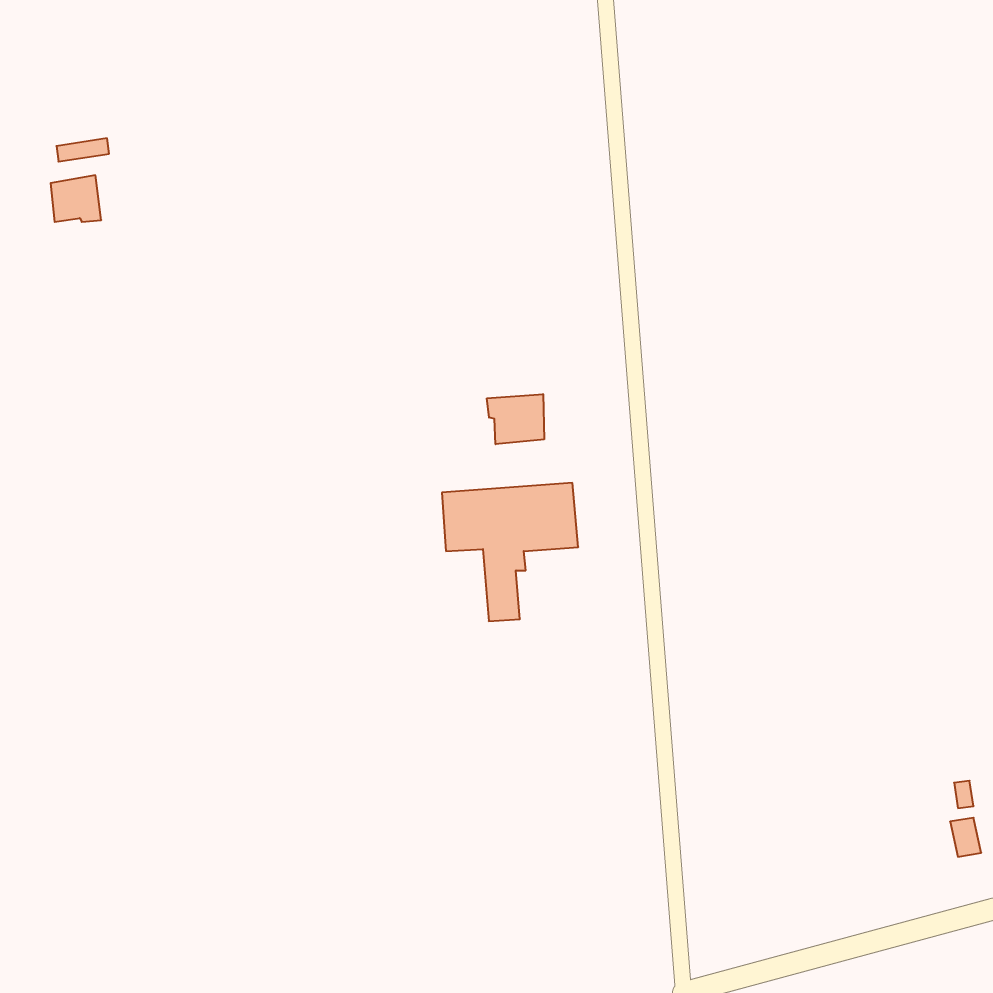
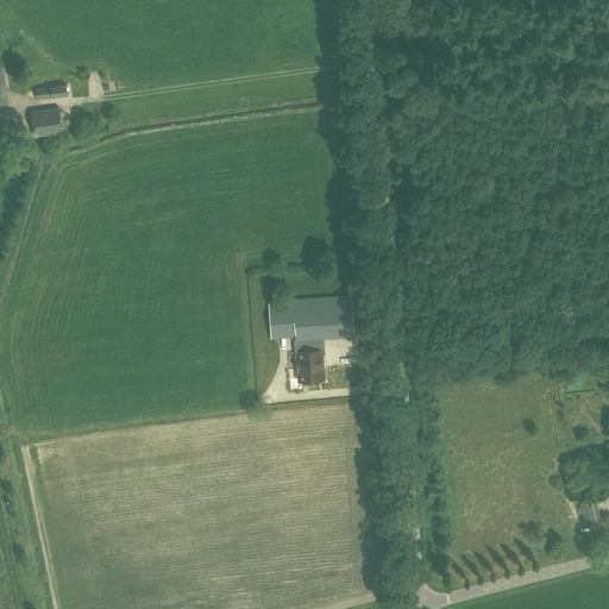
building: [487,394,544,444] -> none

